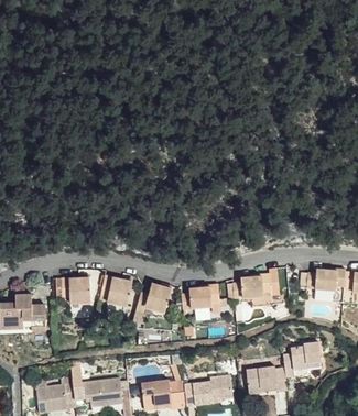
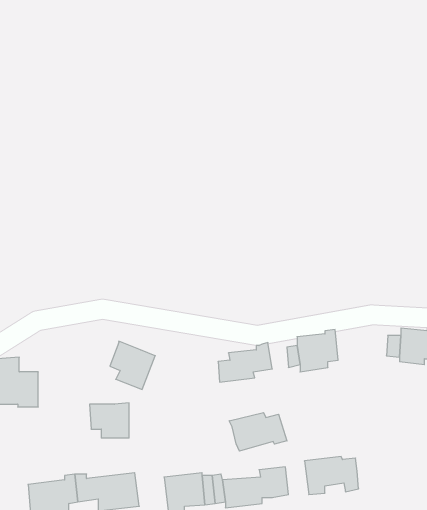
building: [61,276,90,303] -> [90,403,129,438]
building: [135,281,172,309] -> none
building: none -> [229,413,287,451]
building: [283,341,318,376] -> none

